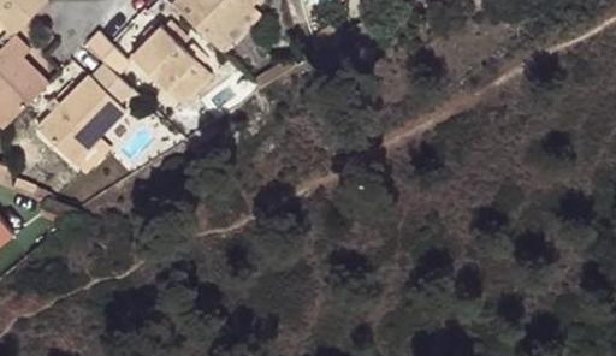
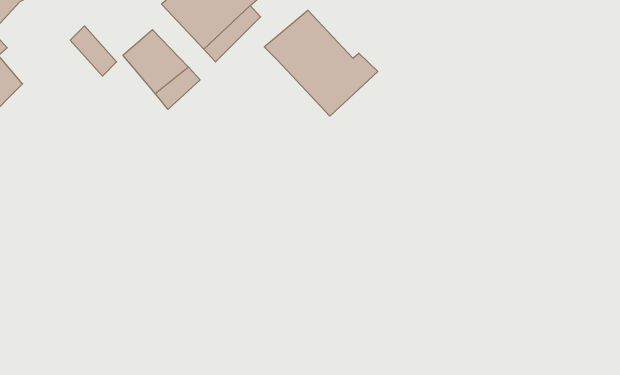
building: none -> [264,10,378,116]
building: [36,76,120,161] -> none

